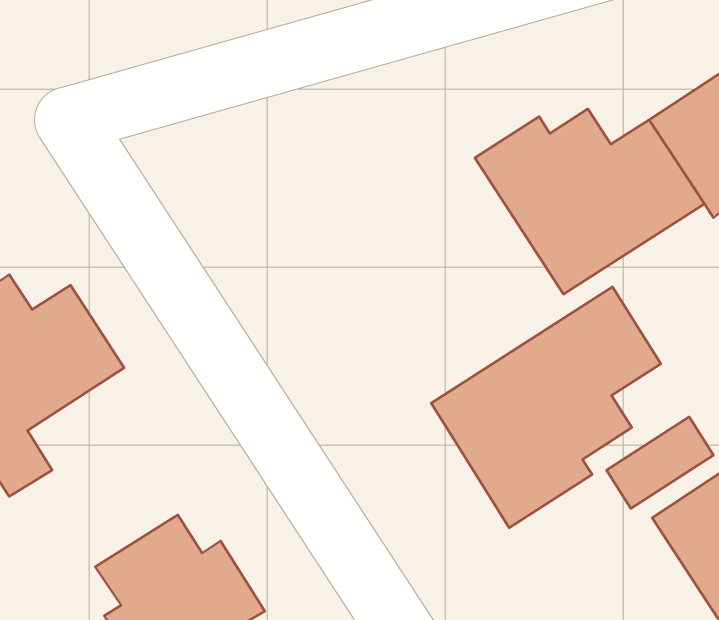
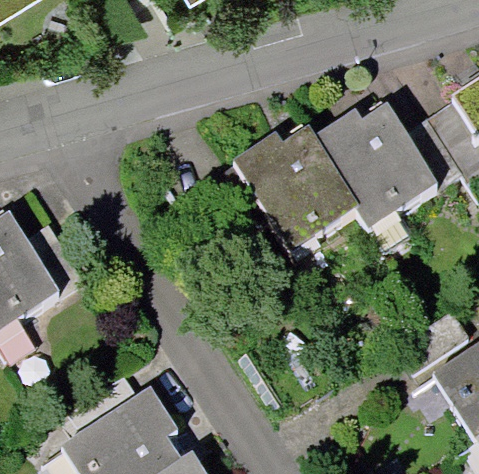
building: none -> [210,129,359,238]
building: [431,287,661,528] -> none

